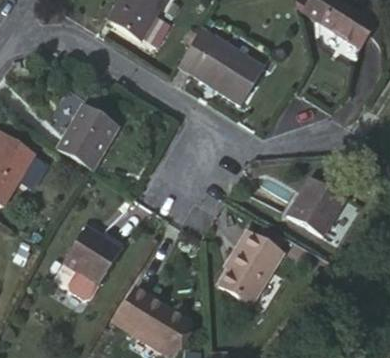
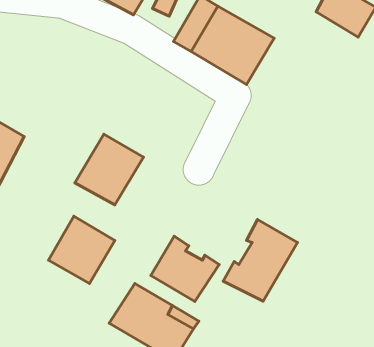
building: [52,103,114,167] -> [75,134,144,205]
building: [292,176,349,235] -> none
building: none -> [151,236,219,301]

